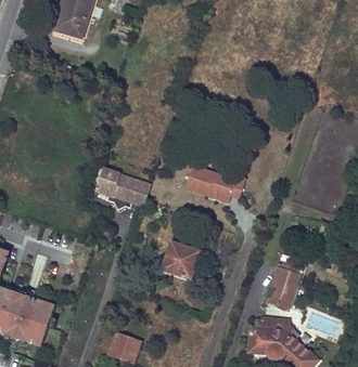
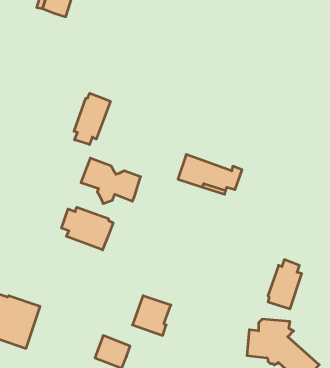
building: none -> [74,93,110,145]
building: none -> [62,207,113,250]
building: [162,241,197,278] -> [132,296,171,335]

